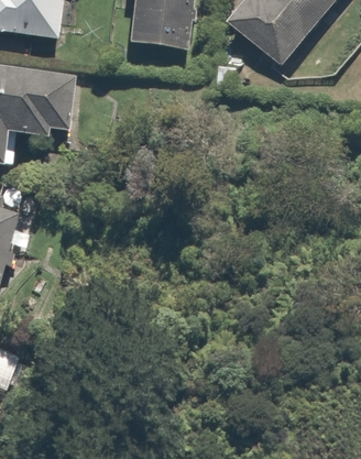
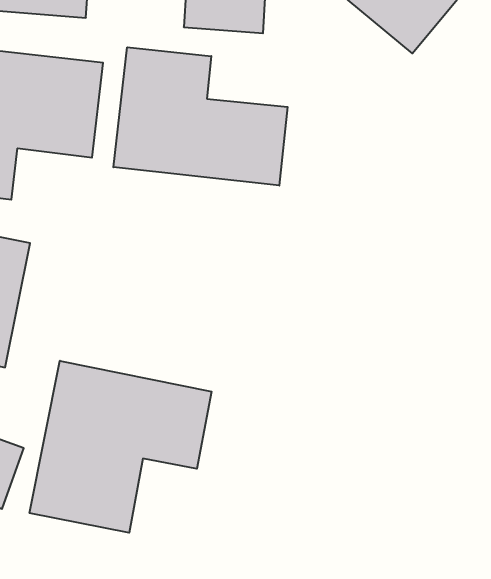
building: none -> [113,47,288,186]
building: none -> [30,361,212,533]

